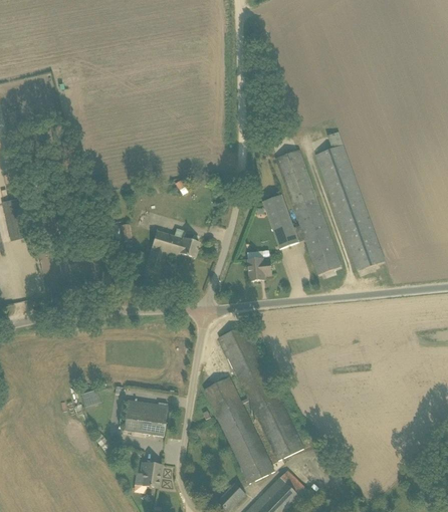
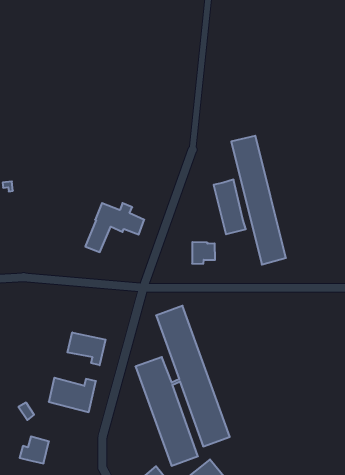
building: [314,133,383,271] -> none
building: none -> [67,332,106,365]
building: [132,463,159,488] -> [20,436,49,463]

